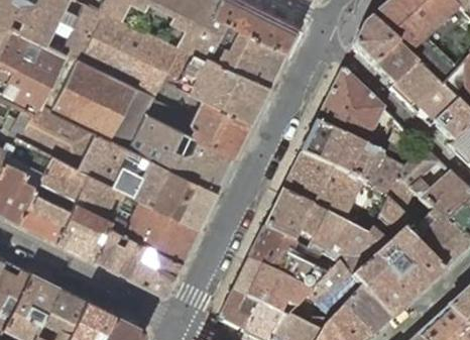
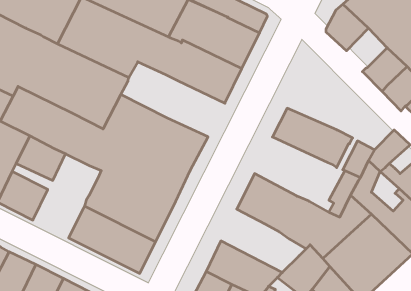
building: [374,44,416,86] -> none
building: [314,72,383,148] -> none
building: [144,98,250,155] -> none
building: [280,155,355,221] -> none
building: [54,173,124,258] -> none
building: [246,229,333,294] -> none

